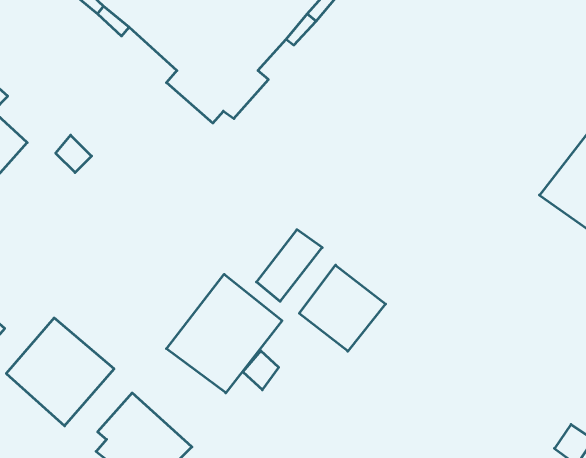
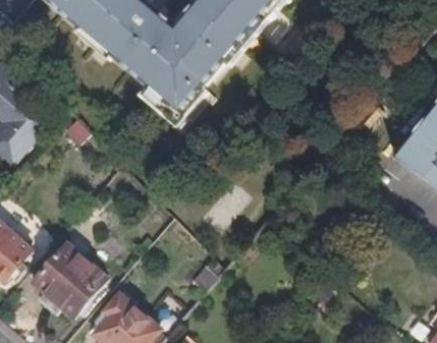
building: [299,265,386,351] -> none
building: [166,274,282,393] -> none

